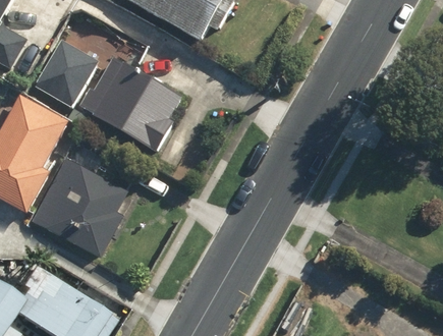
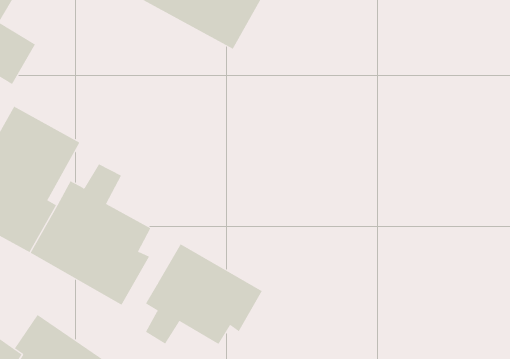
building: [34,41,187,154] -> none
building: none -> [145,244,263,345]

